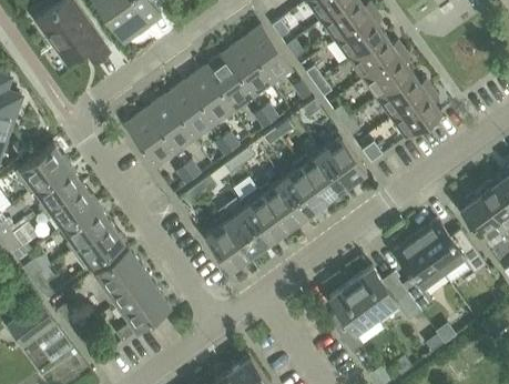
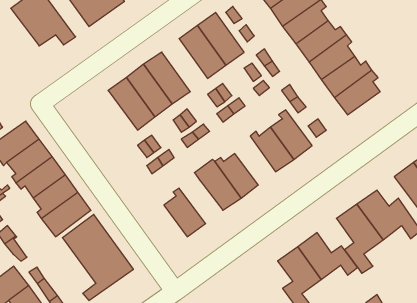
building: [202,54,252,112] -> none
building: [123,111,175,169] -> none
building: [282,161,326,214] -> none
building: [221,209,268,256] -> none

